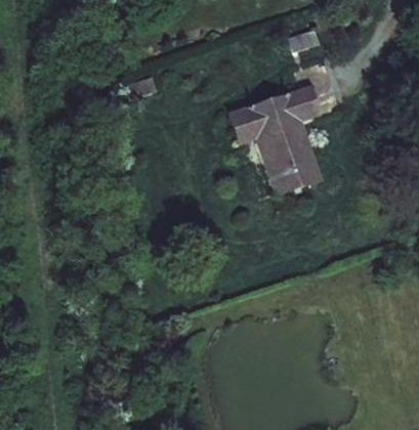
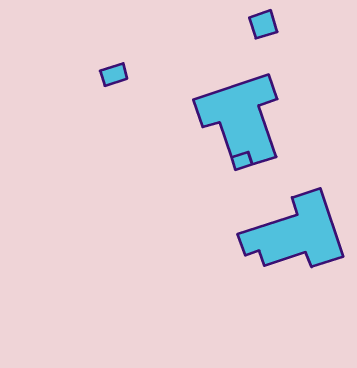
building: none -> [238,188,343,267]

